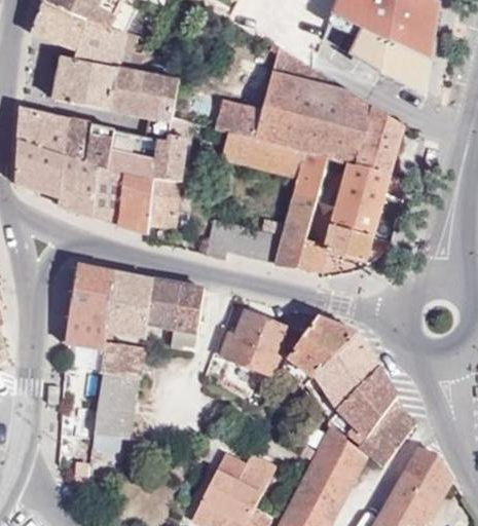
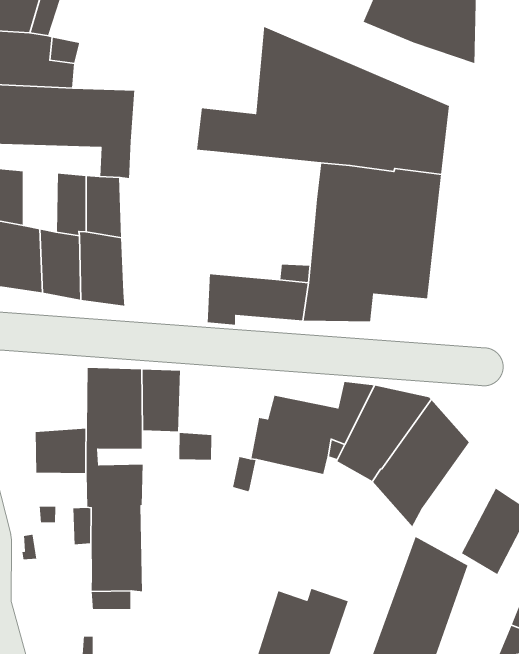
building: [149,115,188,225] -> none
building: [84,124,114,172] -> none
building: [221,132,303,177] -> none
building: [70,265,114,314] -> none
building: [173,284,204,333] -> none
building: [329,367,398,445] -> none

